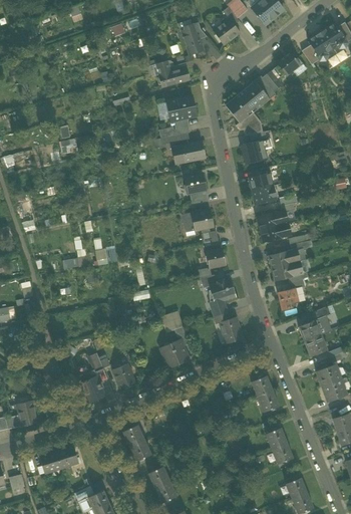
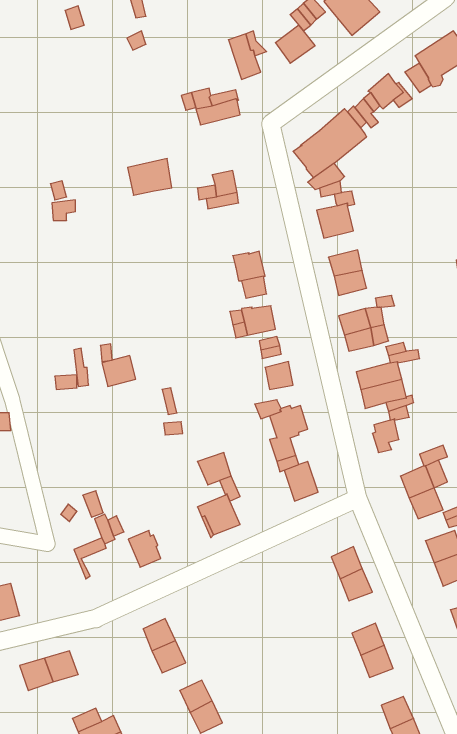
building: [165,96,196,121] -> [128,159,172,195]
building: [171,143,205,165] -> none
building: [80,376,104,403] -> none

